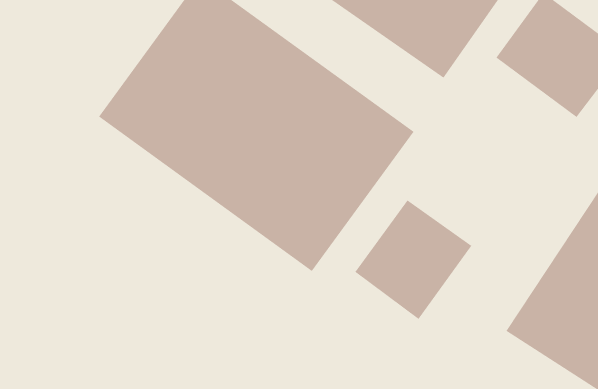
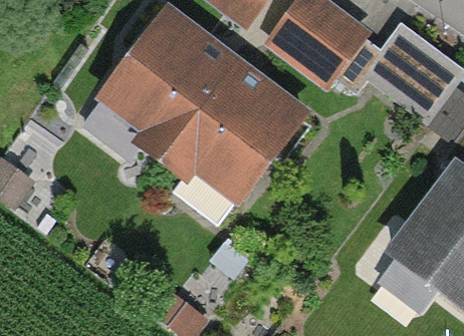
building: [354,199,472,320] -> none

